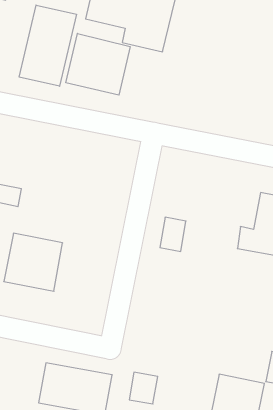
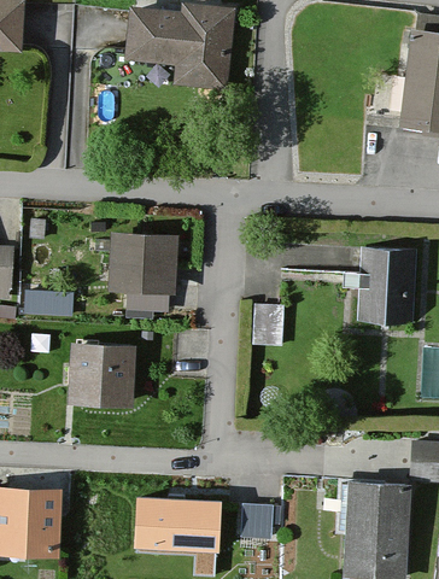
building: [19,5,76,86] -> none
building: [66,33,130,95] -> none
building: none -> [113,232,178,293]

